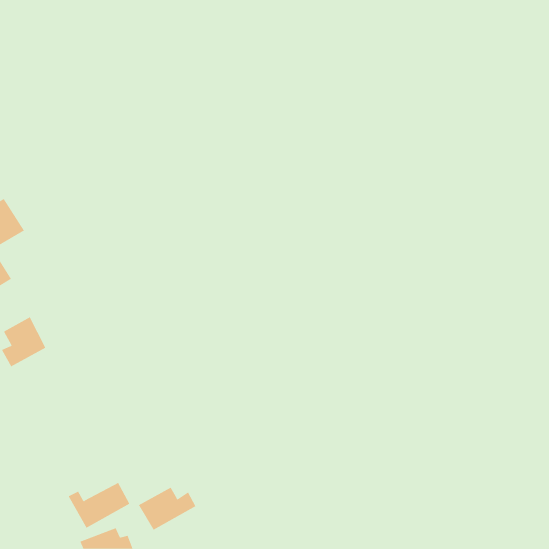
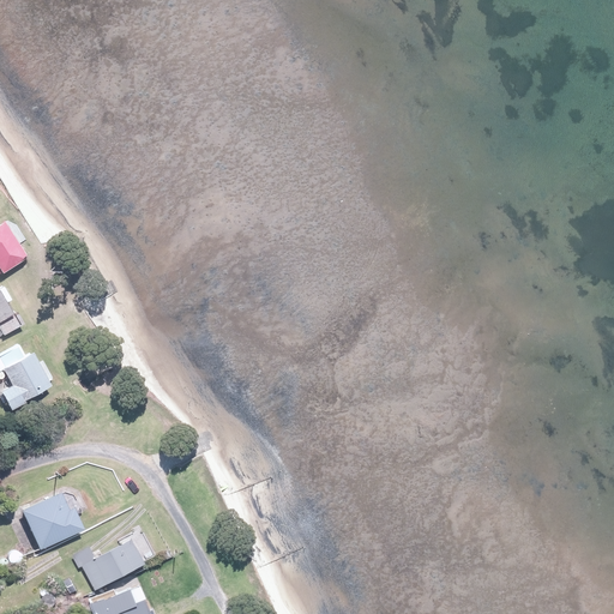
building: none -> [22,492,83,548]
building: [138,487,196,530] -> none

